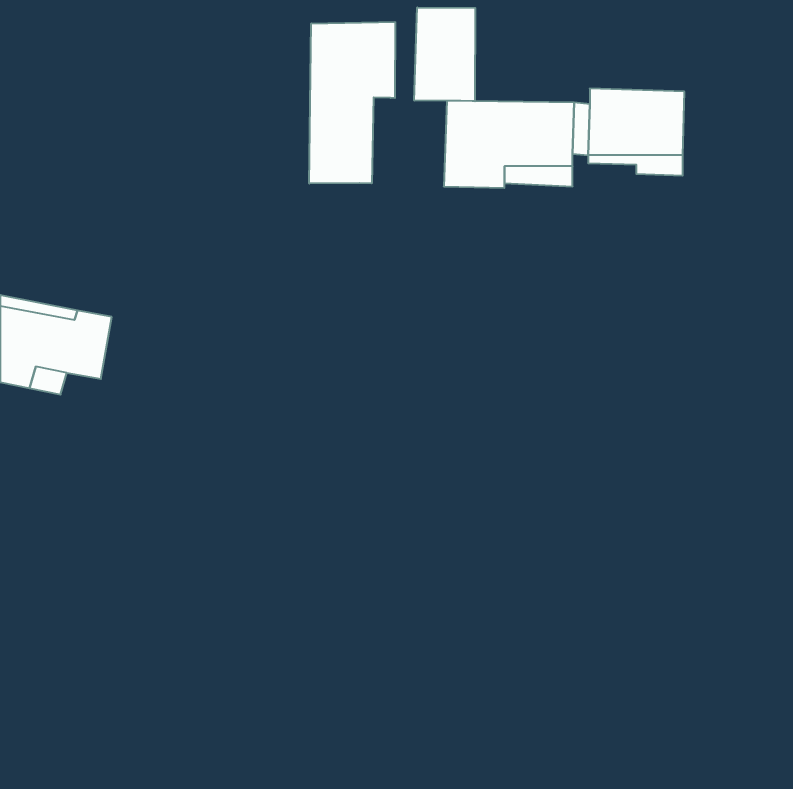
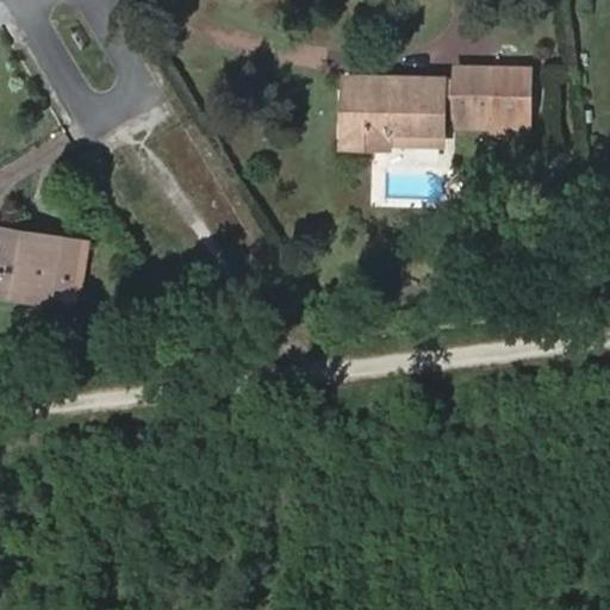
building: [414,7,475,101] -> none
building: [309,22,395,184] -> none

